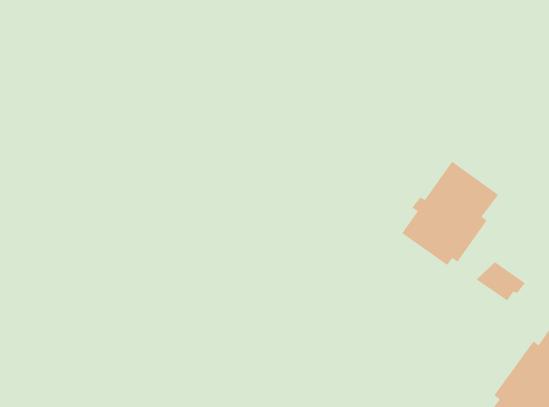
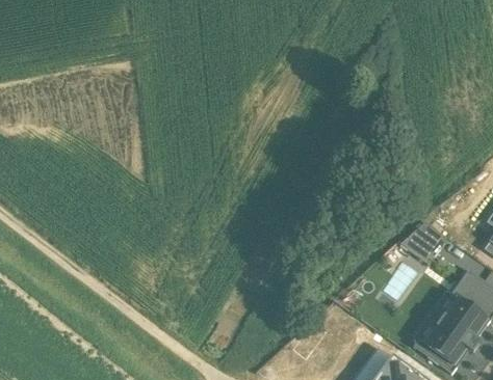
building: [401,161,499,266] -> none

